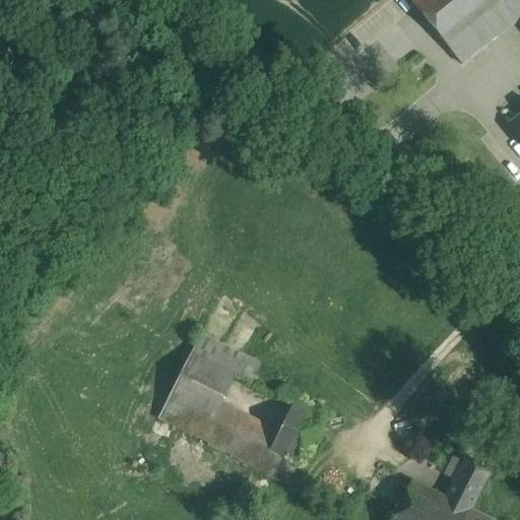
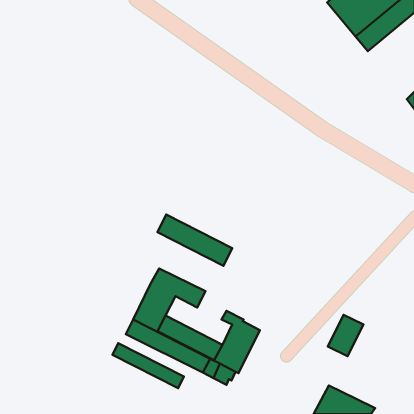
building: none -> [157,215,232,266]
building: none -> [112,343,184,388]
building: [446,458,491,510] -> [328,315,364,356]

